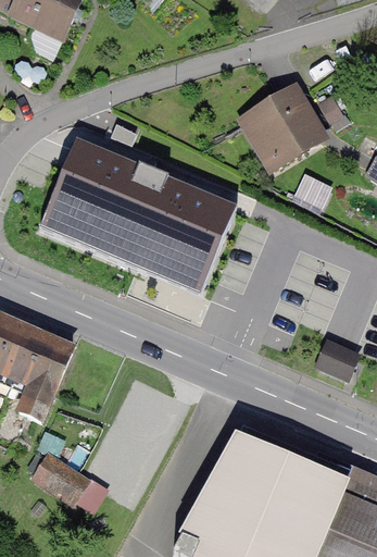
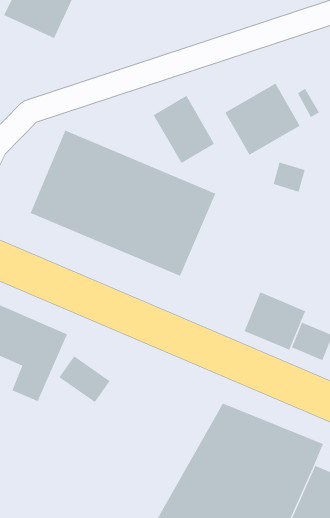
building: none -> [153,95,215,164]
building: none -> [244,292,306,351]
building: [34,453,89,503] -> [58,356,111,403]

